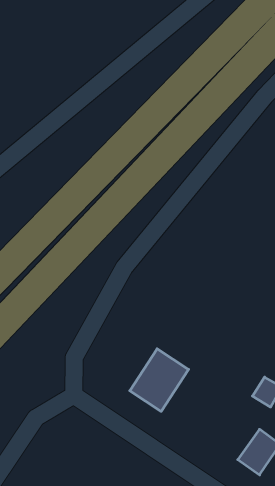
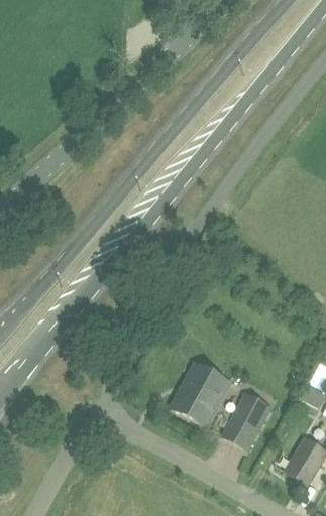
building: none -> [223,393,268,447]

